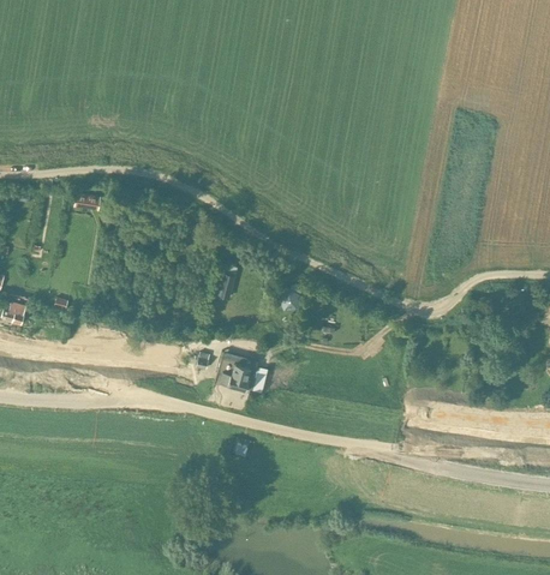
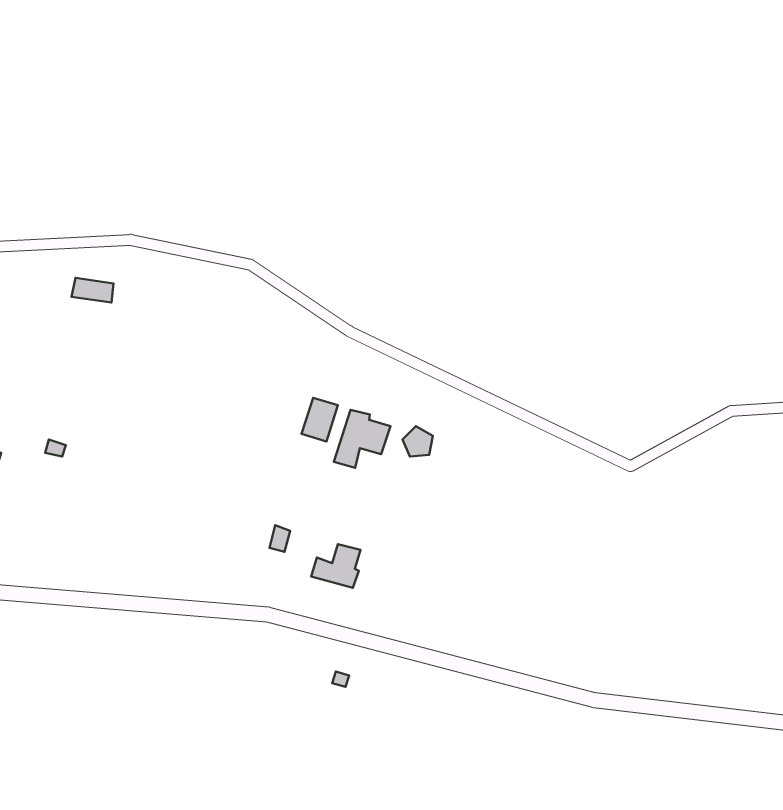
building: none -> [334,410,391,468]

